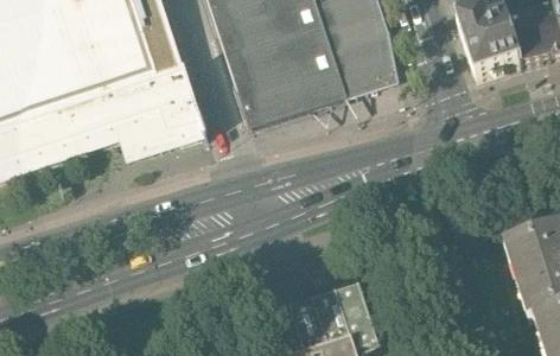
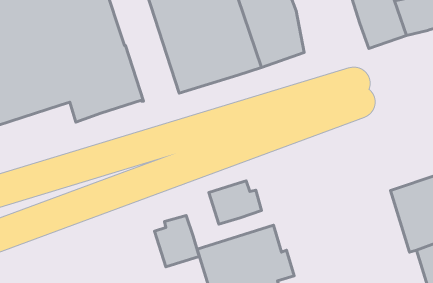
building: none -> [209,181,262,224]
building: none -> [155,215,199,267]

